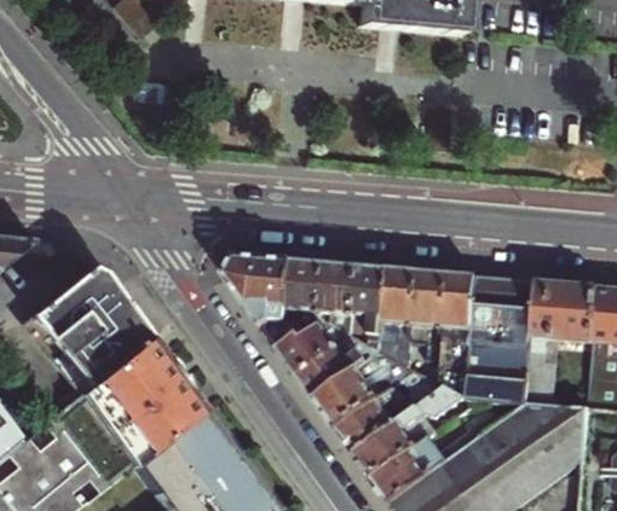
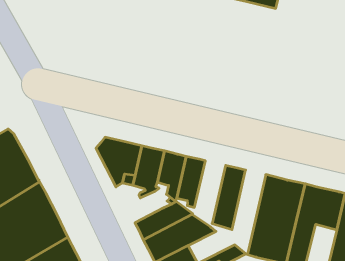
building: [381,267,419,362] -> none
building: [440,272,479,394] -> none
building: [278,321,338,372] -> none

